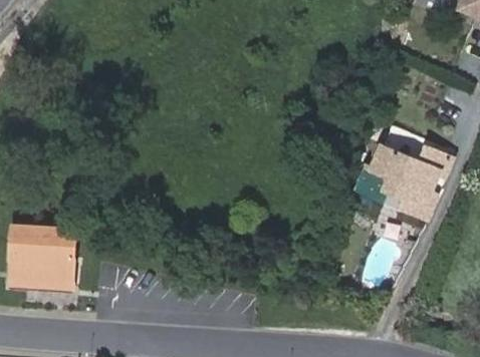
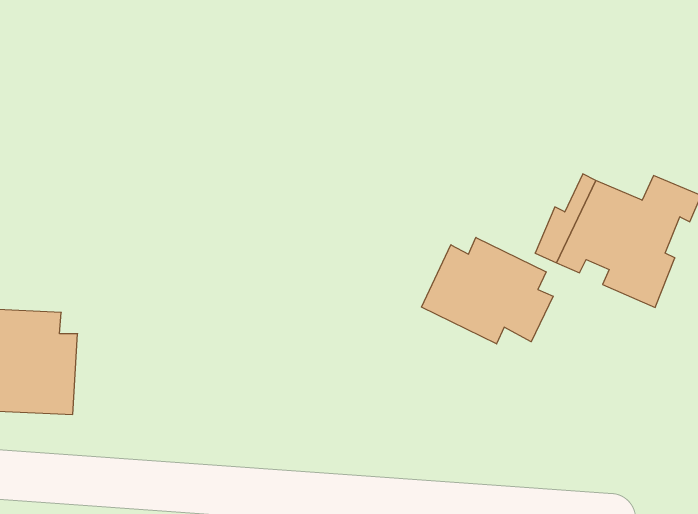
building: none -> [422,237,553,344]

